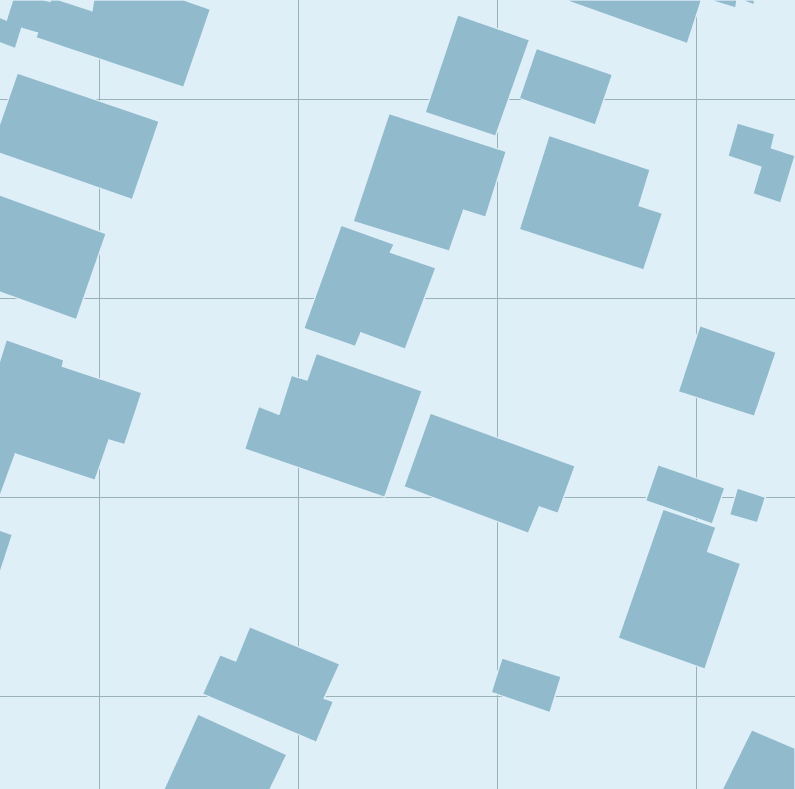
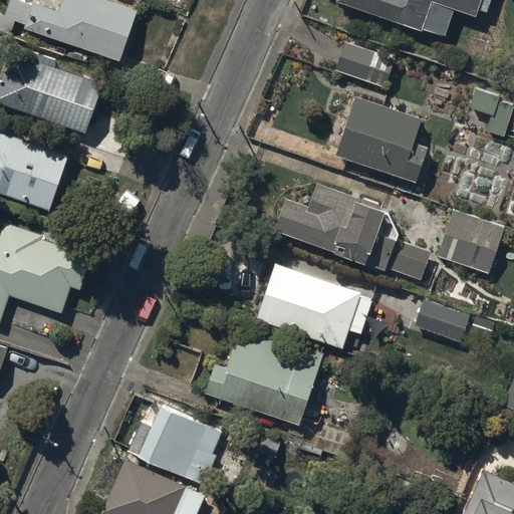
building: [425,15,529,136] -> none
building: [353,113,506,251] -> none
building: [304,225,436,349] -> none
building: none -> [278,189,430,280]
building: [244,354,422,497] -> [207,332,321,425]
building: [618,509,741,669] -> none

